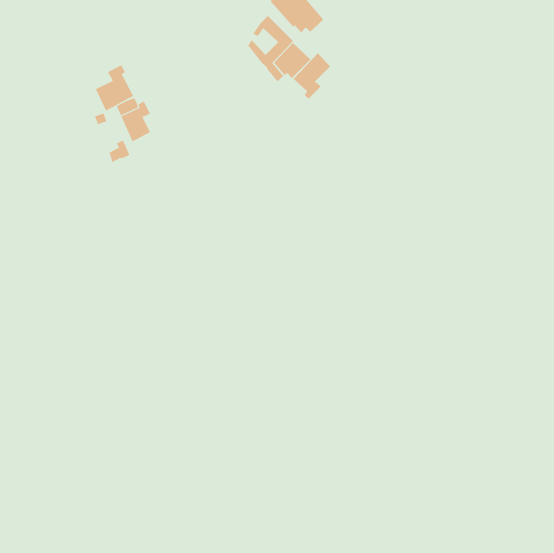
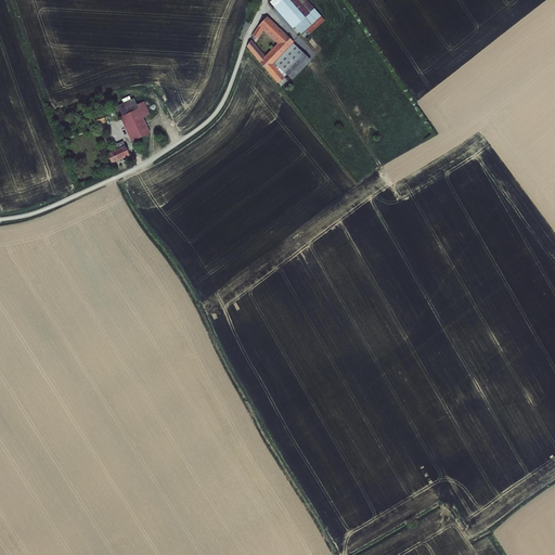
building: [293,53,331,100] -> none
building: [95,65,134,112] -> none

